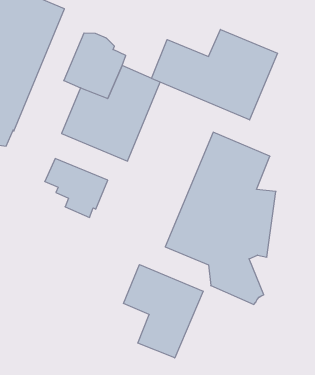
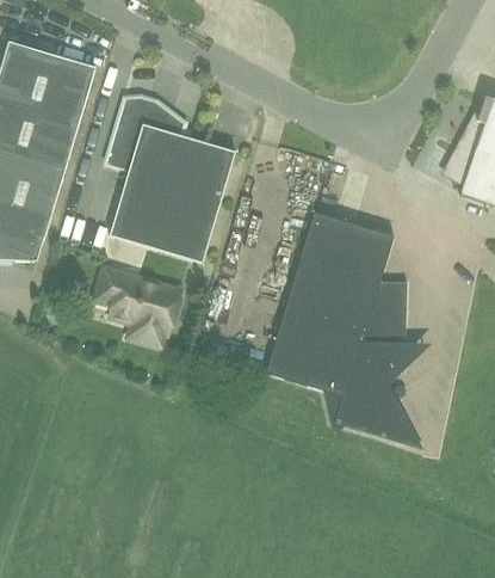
building: [152,29,277,120] -> none
building: [123,265,203,358] -> none

